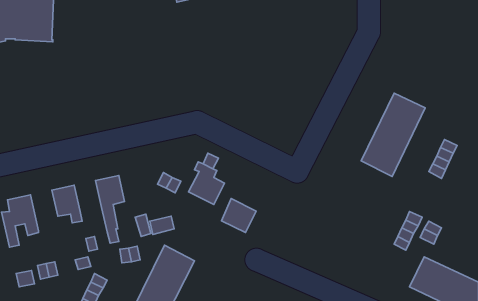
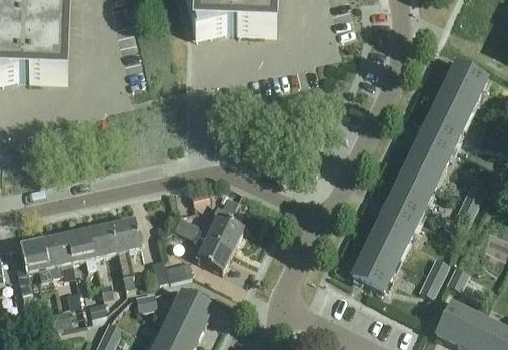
building: none -> [420,61,487,147]
building: none -> [352,203,418,290]
building: none -> [89,223,117,255]
building: none -> [44,233,72,275]
building: [221,199,256,233] -> [197,235,233,270]

